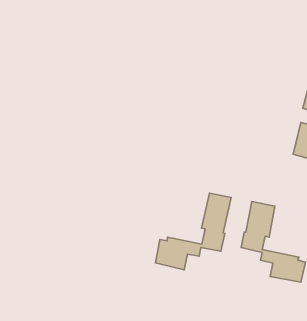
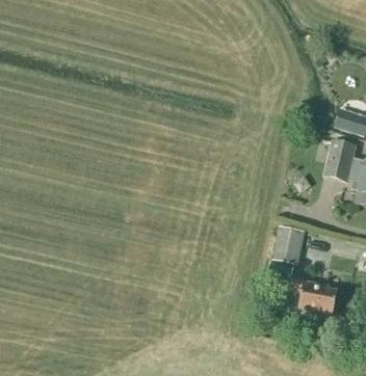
building: [156,193,231,270] -> none

